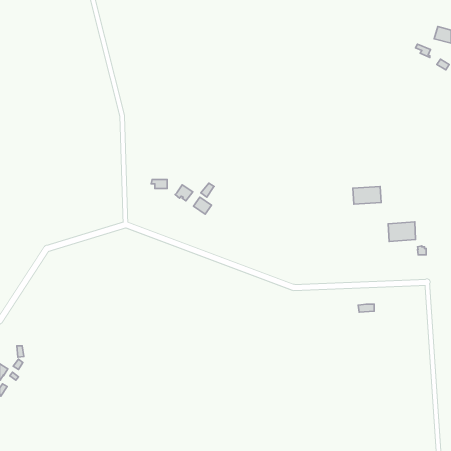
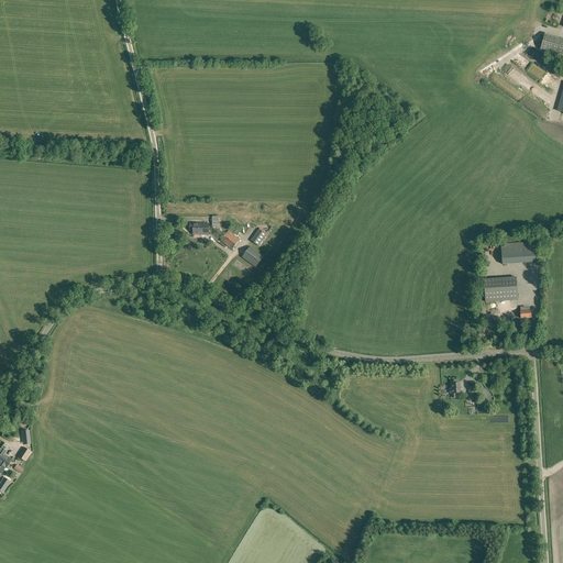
building: [353,186,381,204] -> [500,241,536,263]

